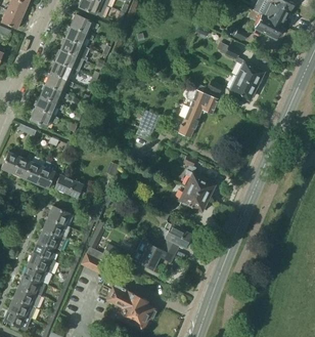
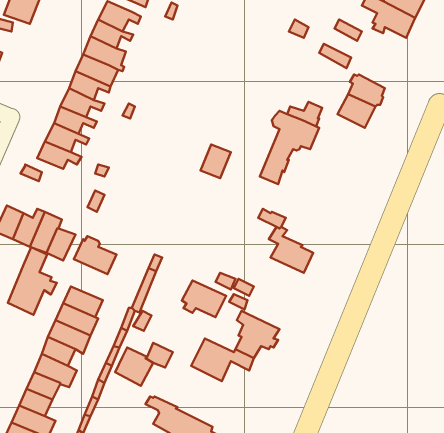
building: none -> [8,247,57,315]
building: [178,186,208,211] -> [182,281,226,317]

